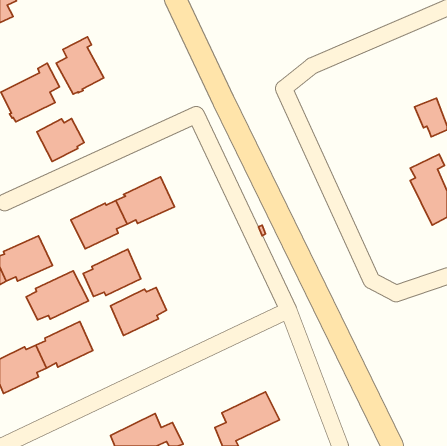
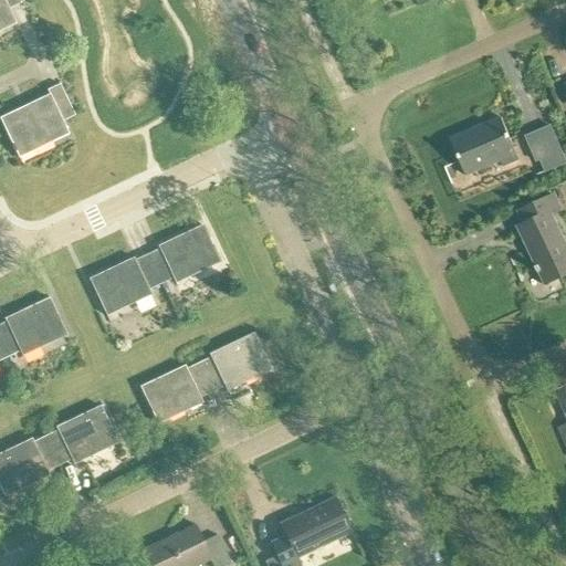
building: [56,37,104,94] -> none
building: none -> [451,118,520,176]
building: [37,118,84,162] -> none
building: [83,249,141,296] -> [197,332,270,391]
building: [26,271,89,320] -> none

